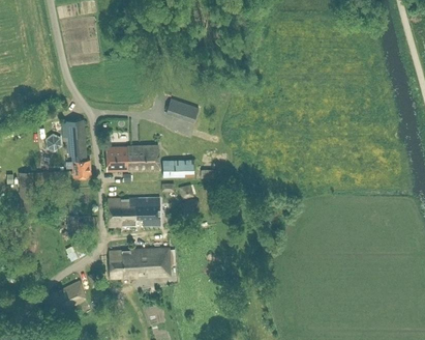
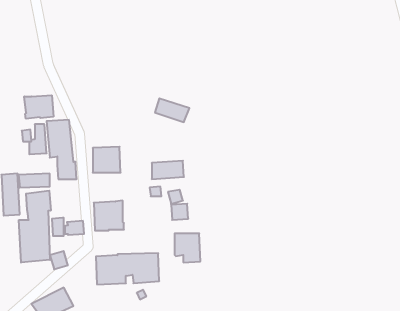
building: none -> [24,95,53,119]
building: [132,146,159,171] -> none
building: none -> [19,191,51,263]
building: [135,198,160,226] -> [175,233,200,262]

